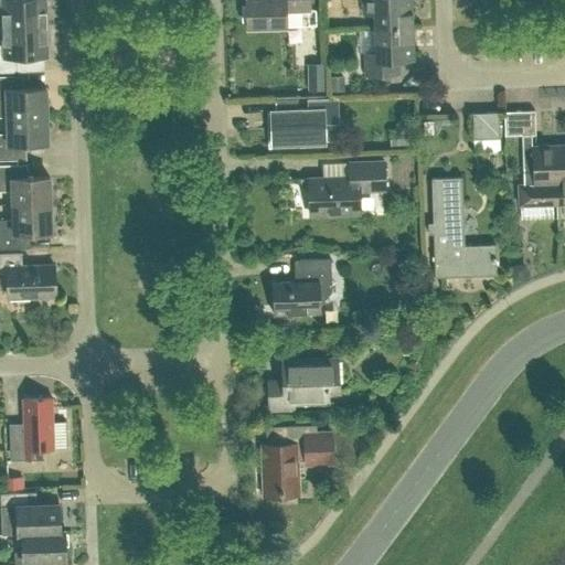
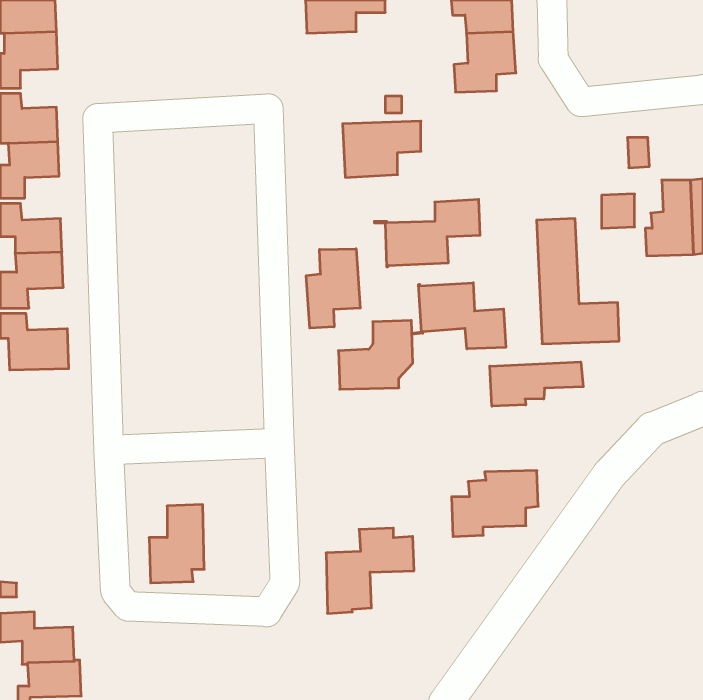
building: [472,113,499,140] -> [602,194,635,228]
building: none -> [306,249,360,328]
building: none -> [412,283,506,349]
building: none -> [490,362,583,406]
building: [268,360,338,413] -> [452,471,538,537]
building: [9,398,53,461] -> [149,505,204,583]

